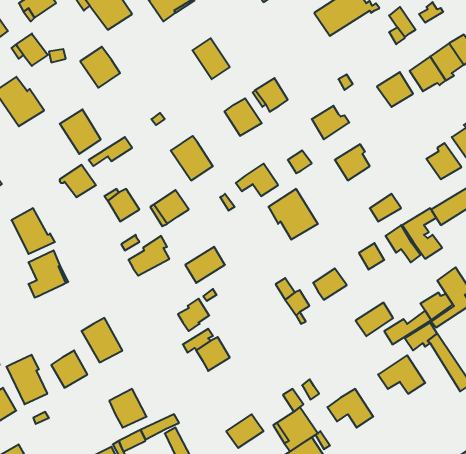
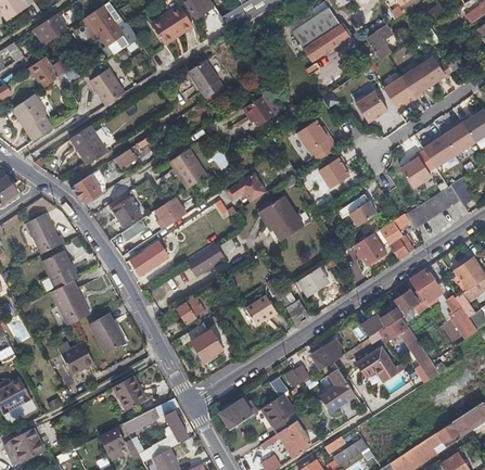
building: [225,98,262,136] -> none
building: none -> [244,296,276,326]
building: [356,303,393,336] -> [310,340,344,370]
building: [6,355,47,404] -> [50,282,87,327]

